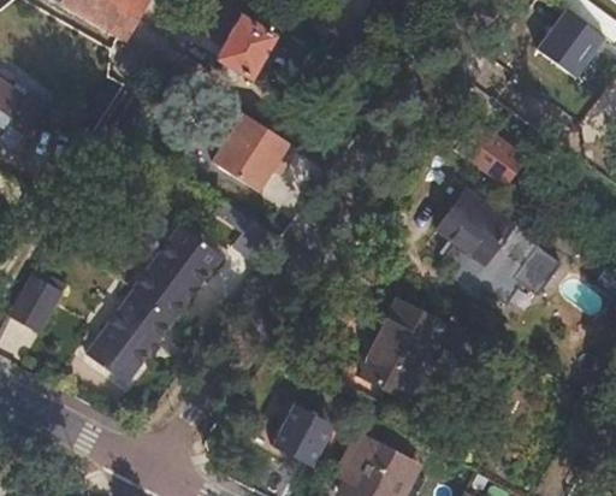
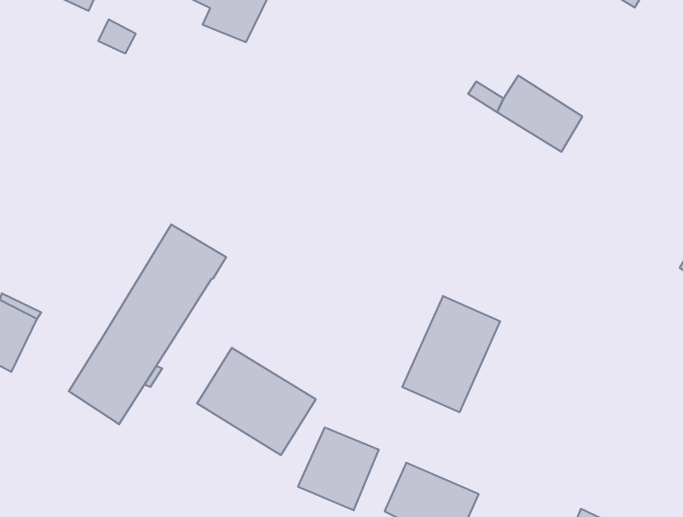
building: [209,112,292,195] -> none
building: [443,195,565,307] -> none
building: none -> [197,348,316,455]

